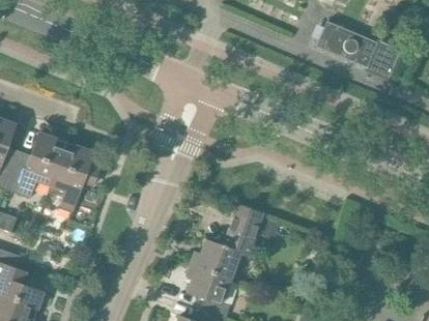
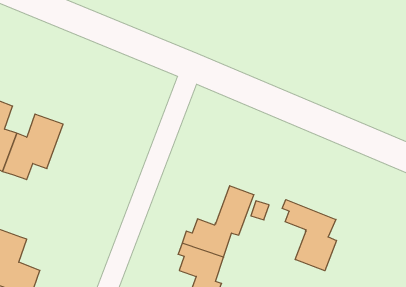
building: [315,21,400,82] -> none
building: [50,142,97,213] -> none
building: none -> [282,200,336,271]

